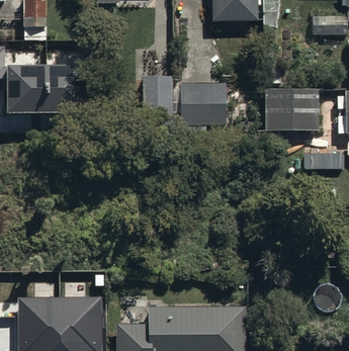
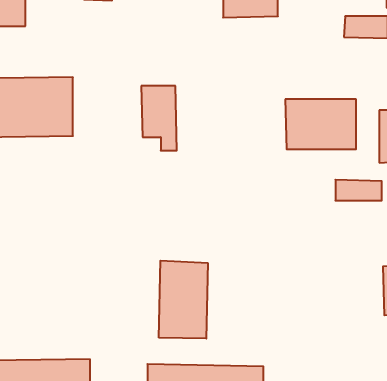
building: [180,80,229,130] -> none
building: none -> [159,261,208,339]

